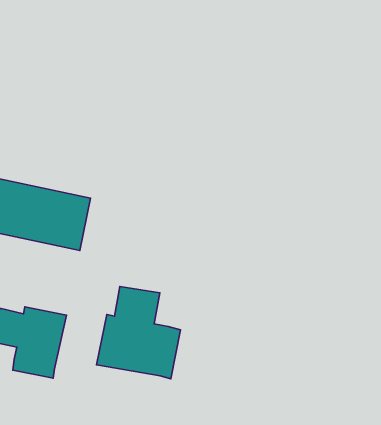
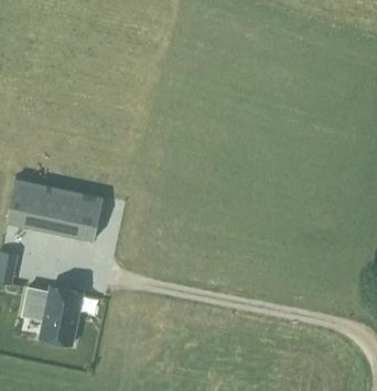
building: [96,287,181,379] -> none

